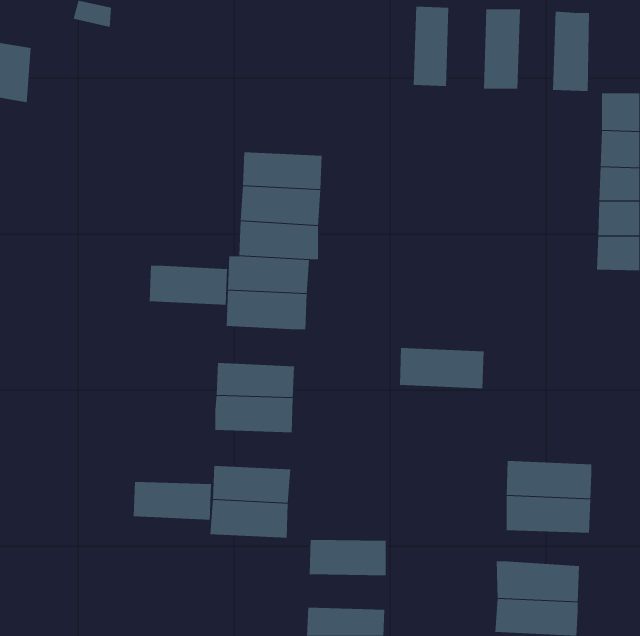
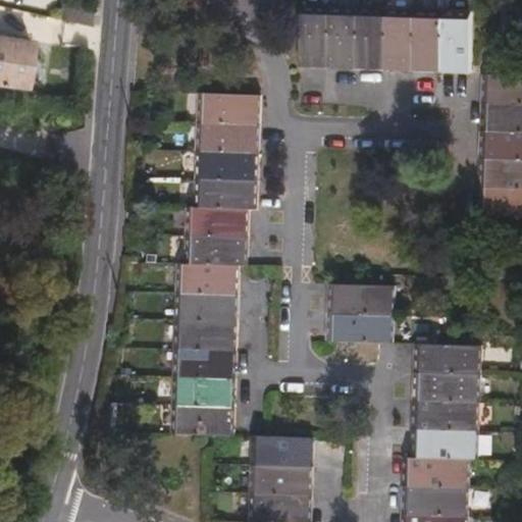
building: none -> [307,4,337,69]
building: none -> [363,6,395,72]
building: none -> [421,7,451,73]
building: none -> [198,96,264,126]
building: [149,265,228,305] -> [176,265,241,298]
building: none -> [323,313,393,344]
building: none -> [412,345,481,377]
building: [133,481,212,520] -> [173,350,238,381]
building: none -> [409,431,479,460]
building: none -> [250,467,314,495]

